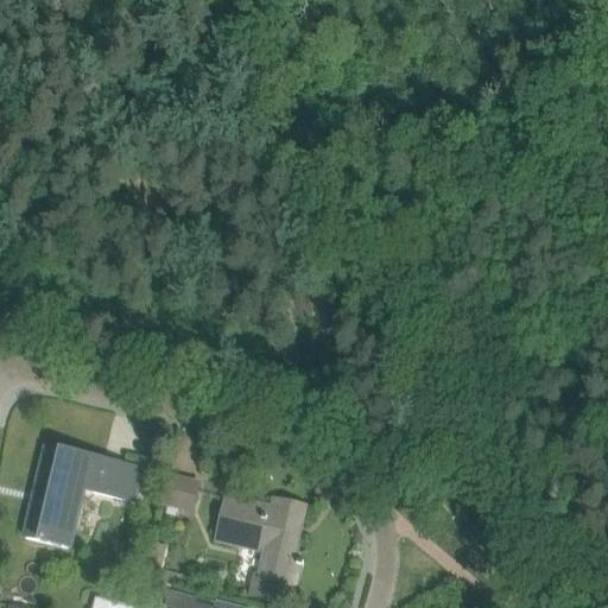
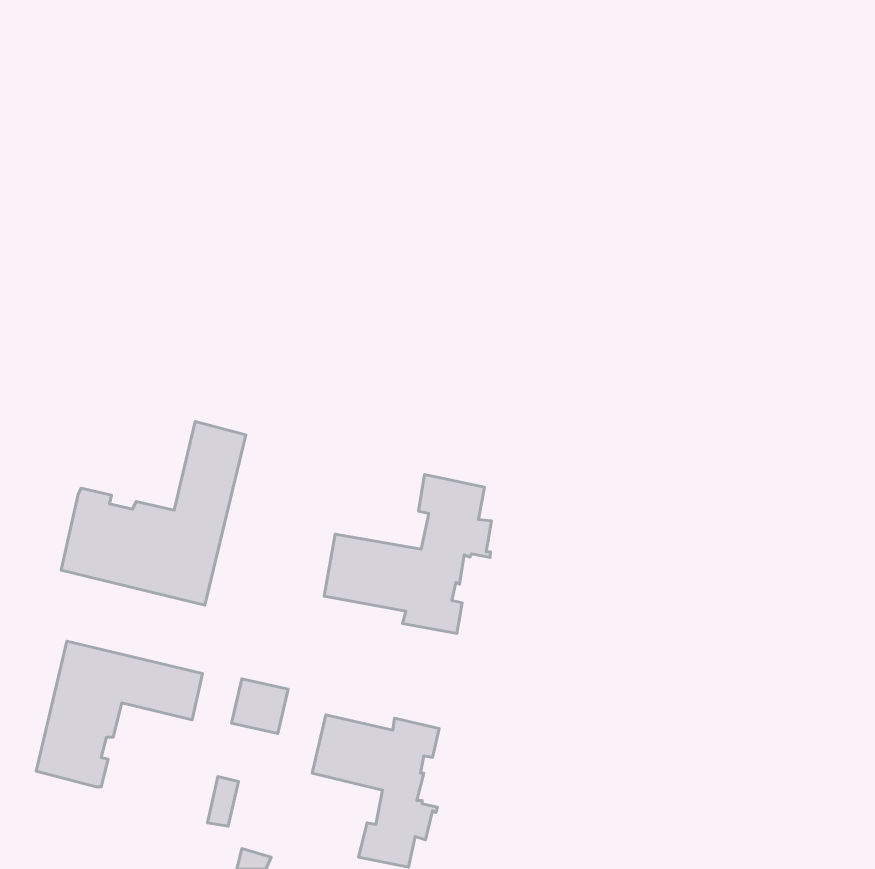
building: none -> [61,422,246,605]
building: none -> [324,475,491,634]

